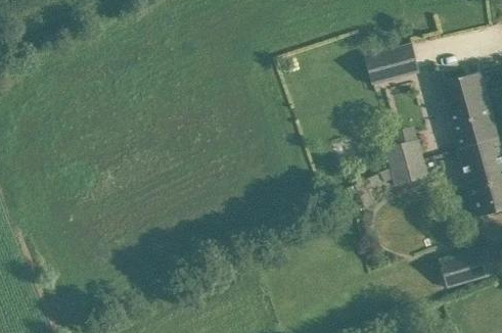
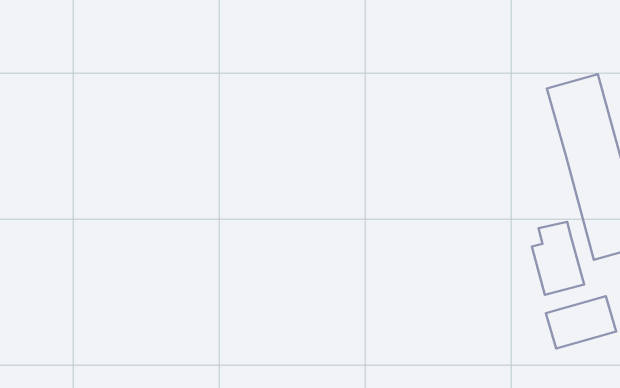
building: [364,45,419,85] -> none
building: [386,128,427,185] -> [532,222,584,295]

